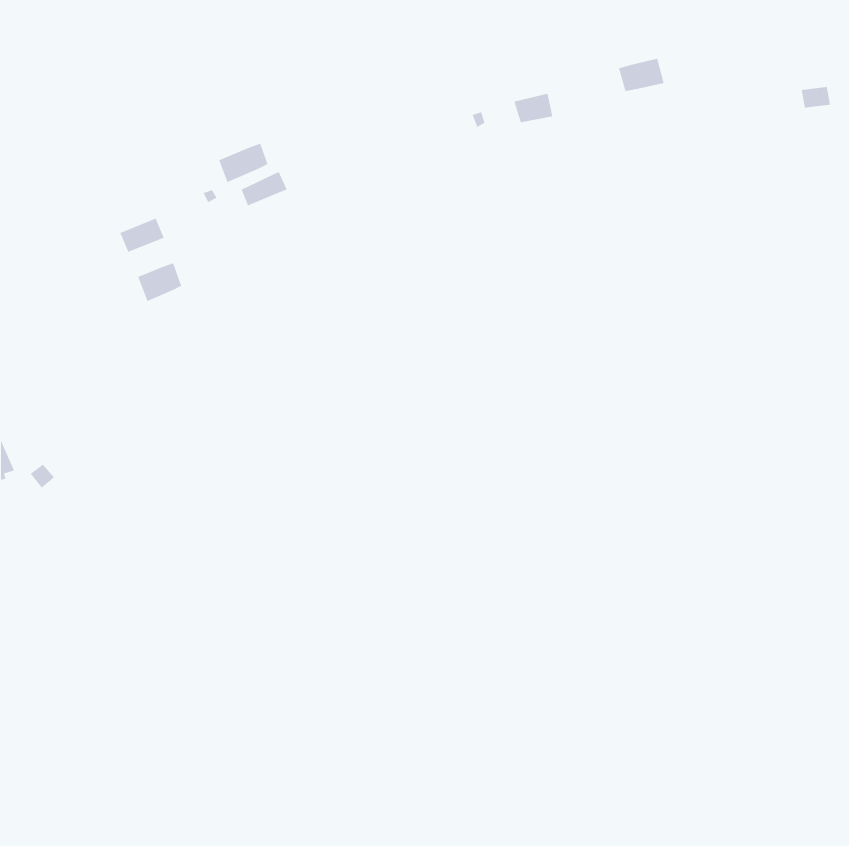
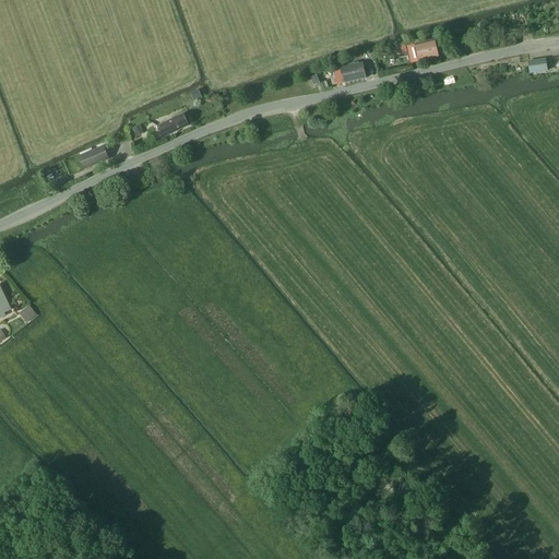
building: [218,143,268,183] -> none
building: [138,263,182,302] -> none

